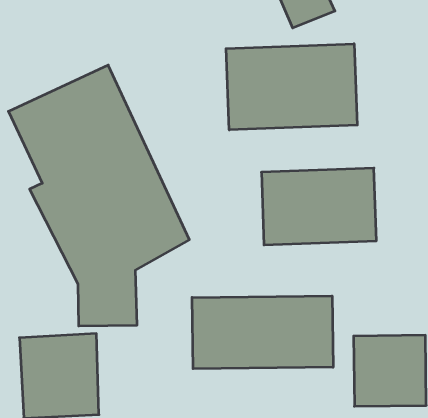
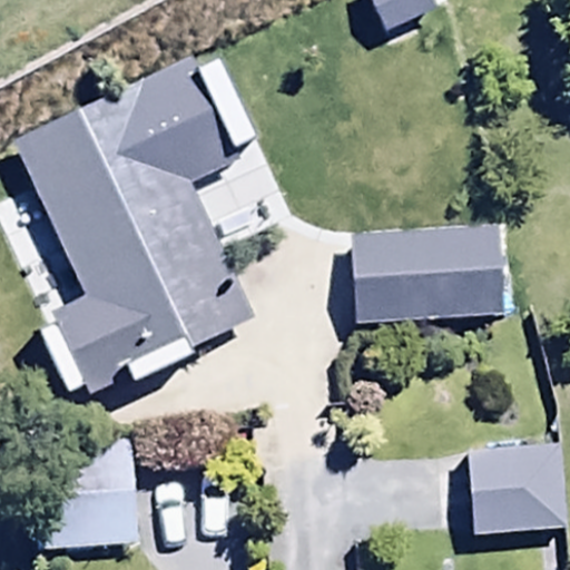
building: [226,44,357,130] -> none
building: [192,296,333,369] -> none

